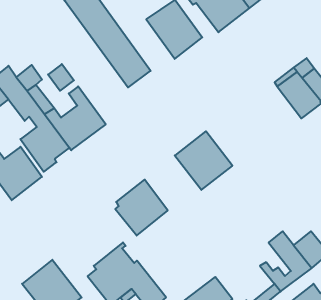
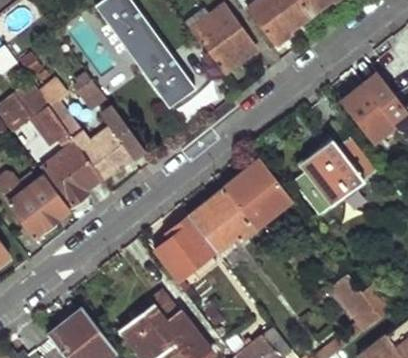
building: none -> [296,135,376,212]
building: none -> [189,186,255,250]

